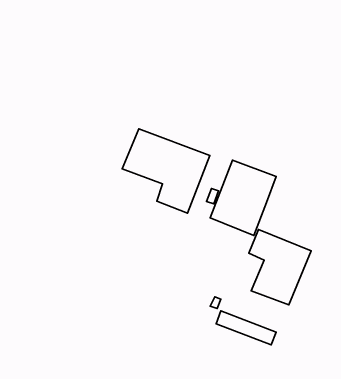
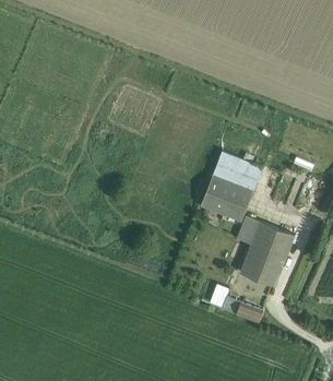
building: [122,129,210,213] -> none

